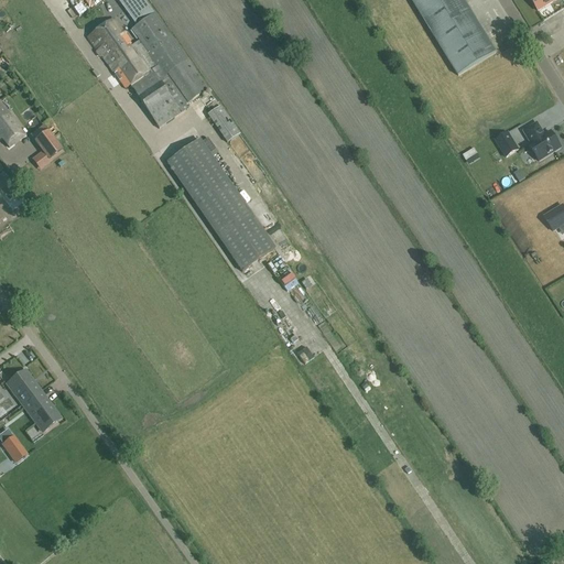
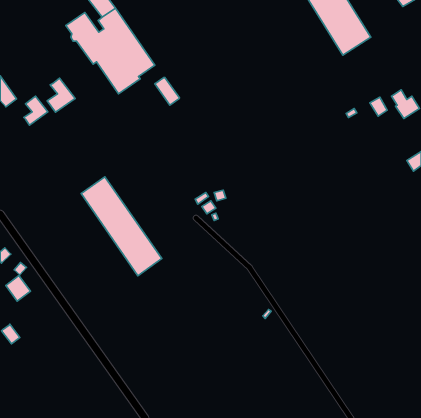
building: none -> [47,78,75,112]
building: [166,138,274,270] -> [81,177,162,276]
building: [23,390,61,430] -> none

